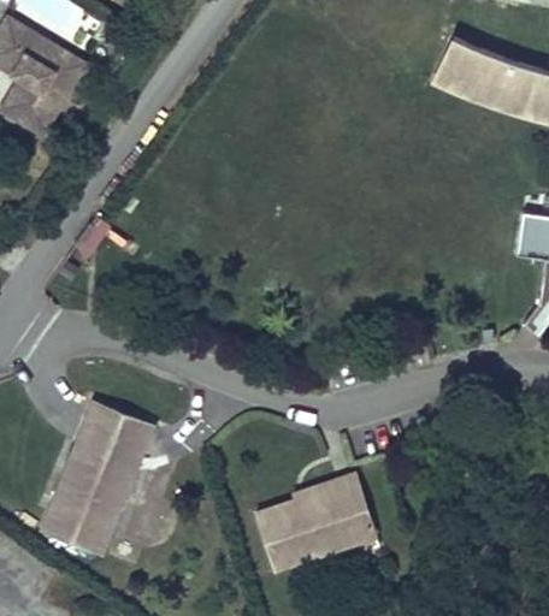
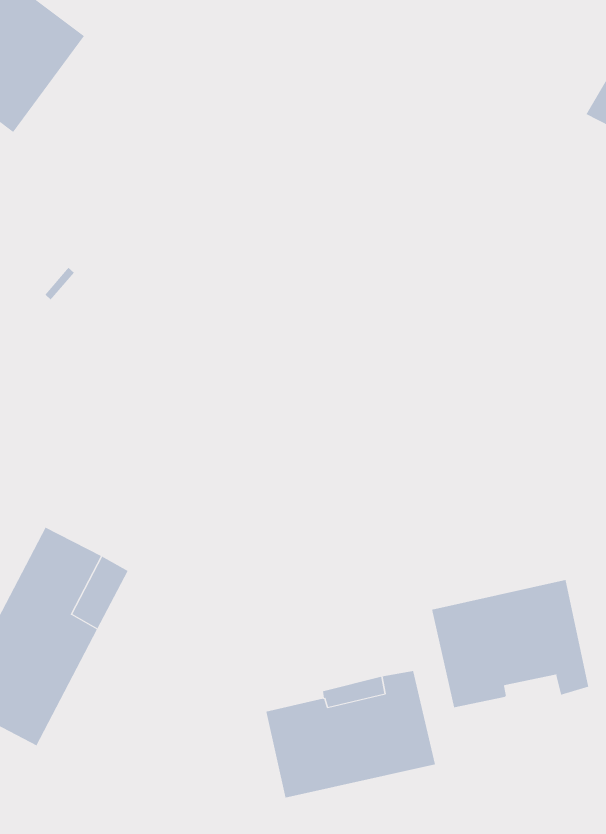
building: none -> [432,579,589,708]

